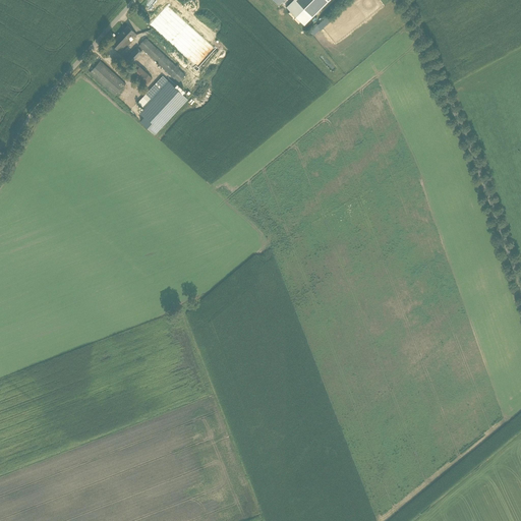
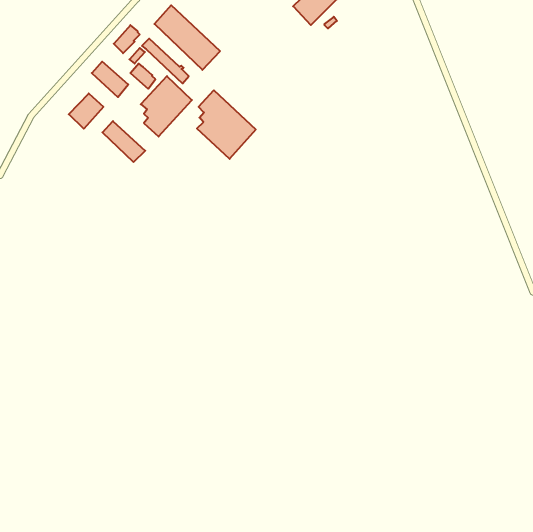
building: none -> [197,90,256,159]
building: none -> [69,93,103,129]
building: none -> [102,121,145,162]

